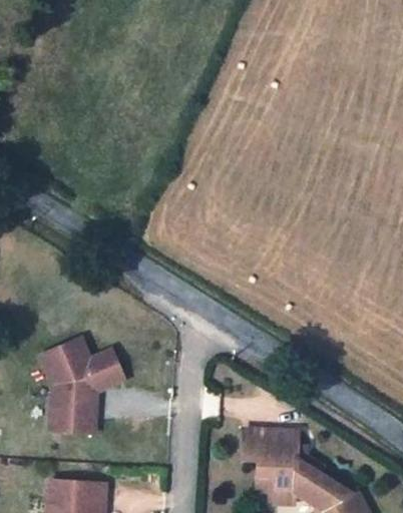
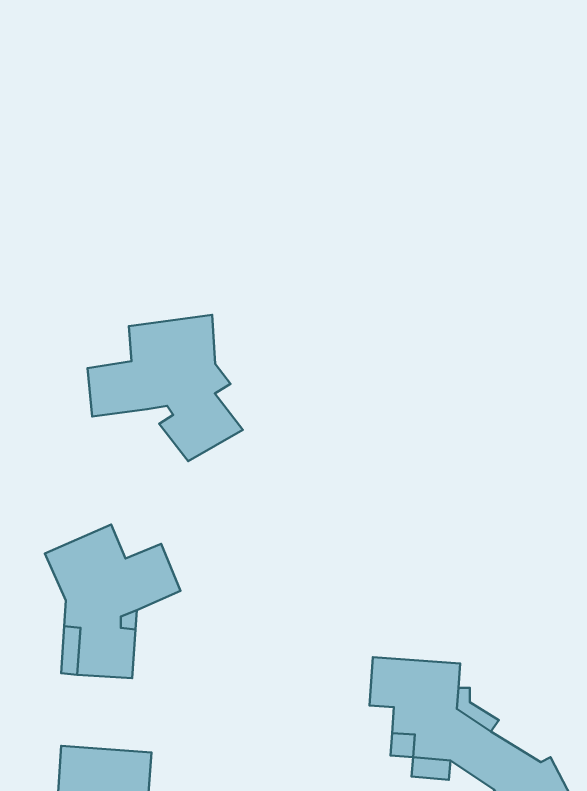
building: none -> [87,315,243,461]

